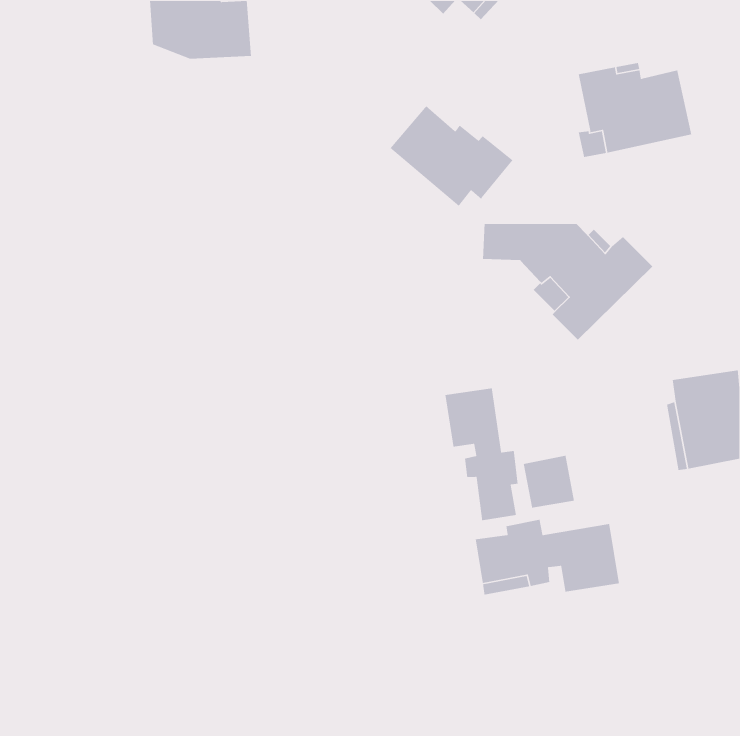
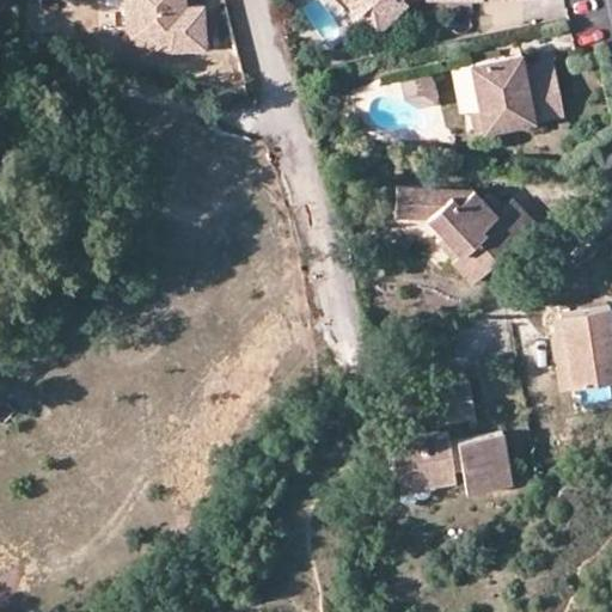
building: [390,105,513,207] -> none
building: [444,387,518,521] -> none

